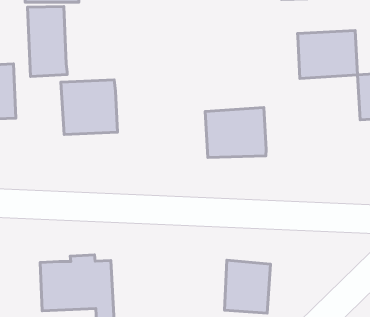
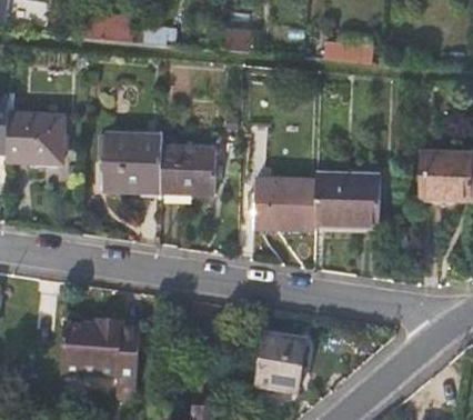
building: [27,6,67,77] -> none
building: [297,31,358,78] -> [314,173,378,223]
building: none -> [160,143,214,189]

